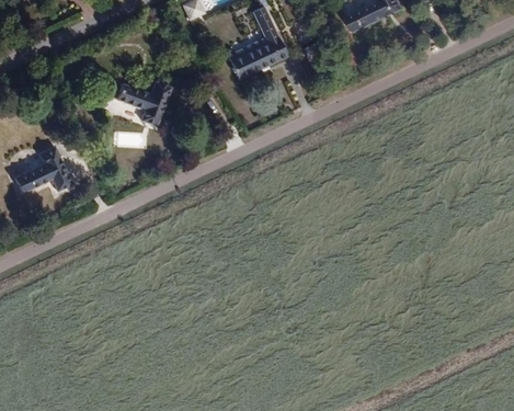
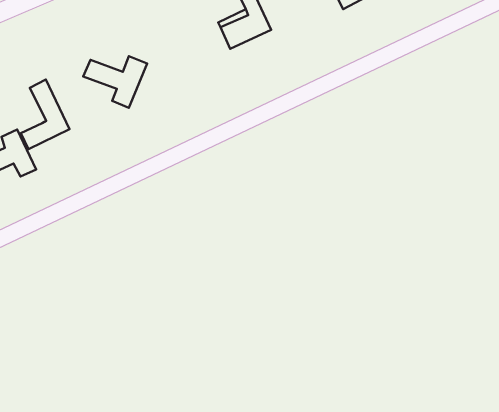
building: none -> [21,80,70,149]

